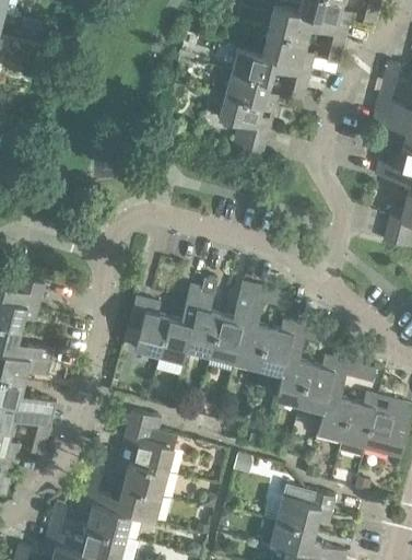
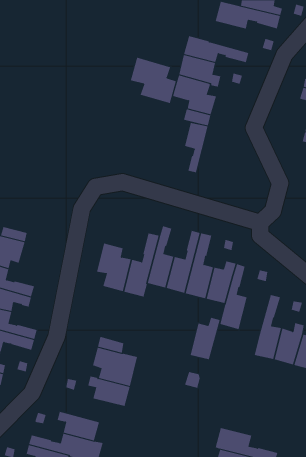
building: [262,30,314,68] -> none
building: none -> [130,57,176,104]
building: none -> [184,122,208,173]
building: [298,357,336,408] -> [190,317,221,360]
building: [275,483,333,530] -> none
building: [81,486,161,521] -> none

